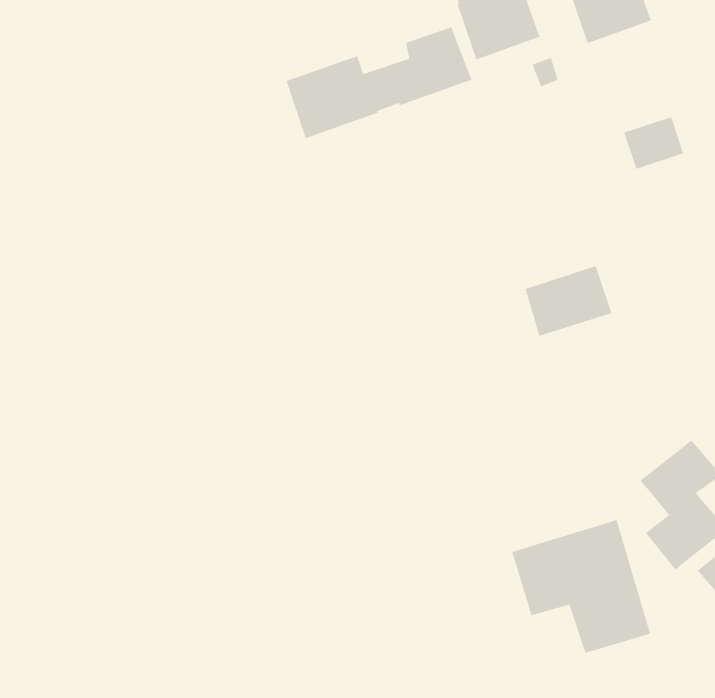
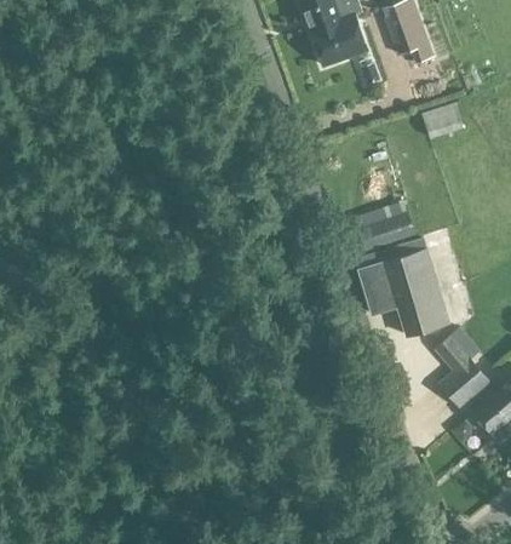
building: [286,26,473,139] -> none
building: [511,519,651,654] -> [356,246,450,337]

